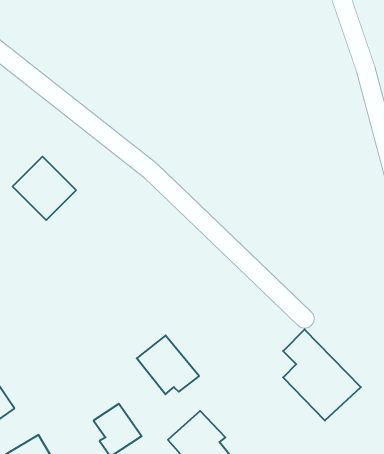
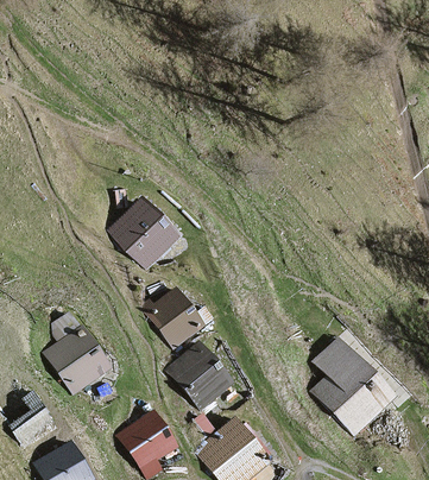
building: [13,157,76,220] -> [112,202,175,265]
building: none -> [146,291,201,345]
building: none -> [46,334,106,396]

